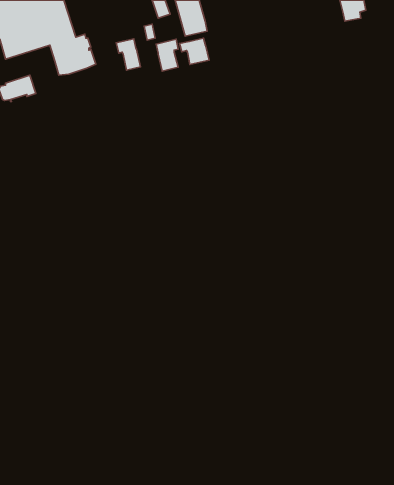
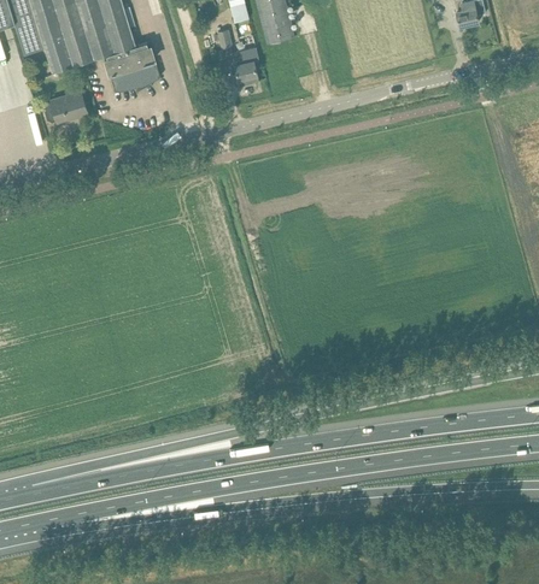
building: [179,38,209,65] -> none
building: [116,39,141,70] -> none

